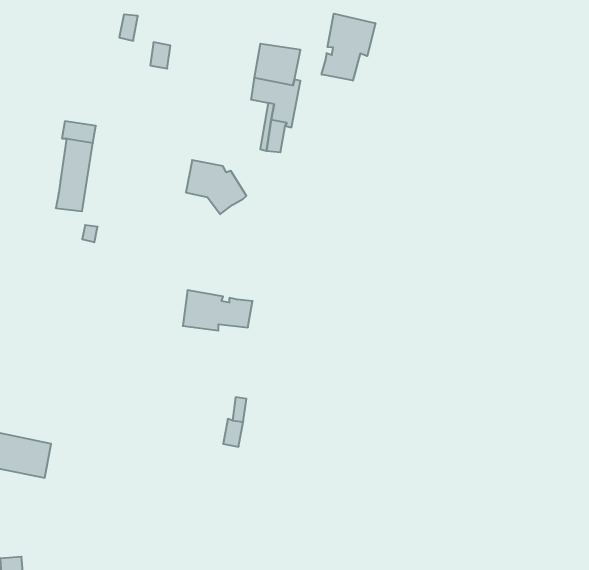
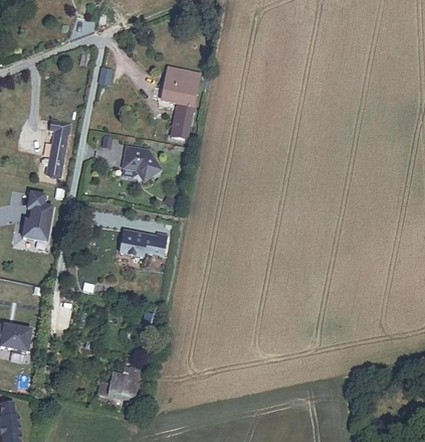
building: [322,14,375,81] -> none
building: none -> [22,192,53,240]
building: none -> [96,365,141,399]

